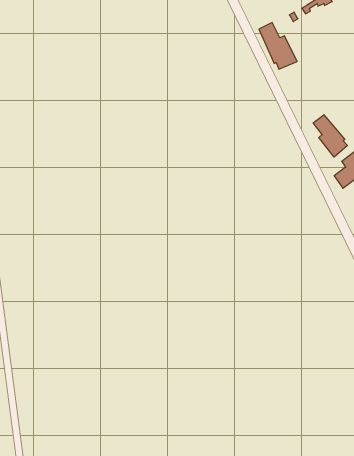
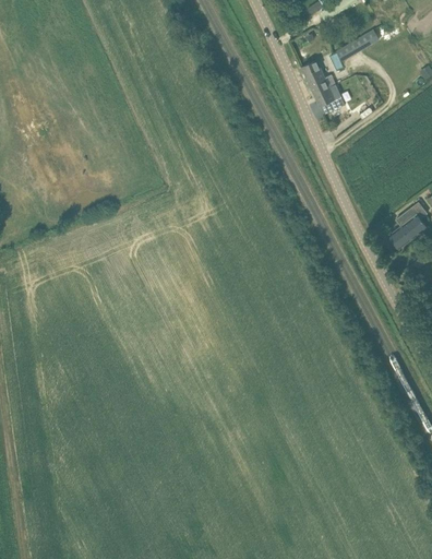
building: [313,115,347,157] -> none

